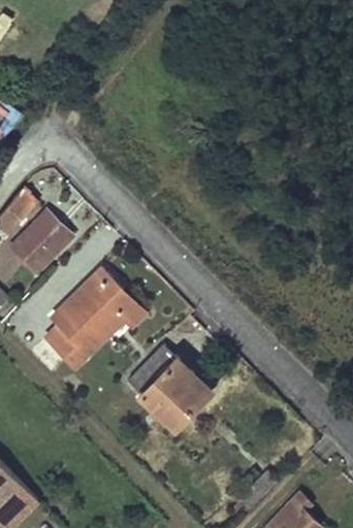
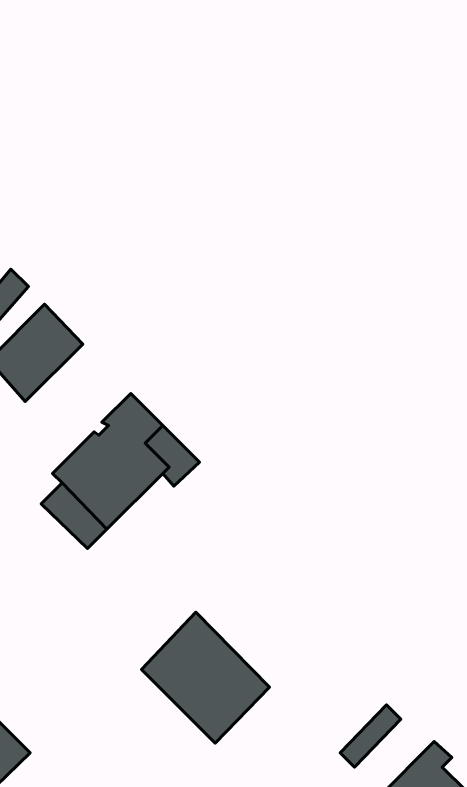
building: [127,345,210,430] -> [142,612,269,743]

